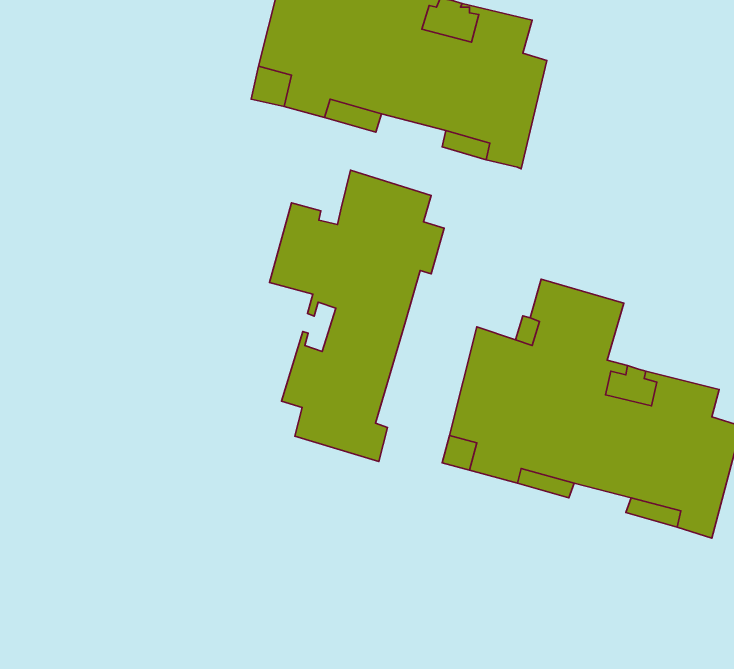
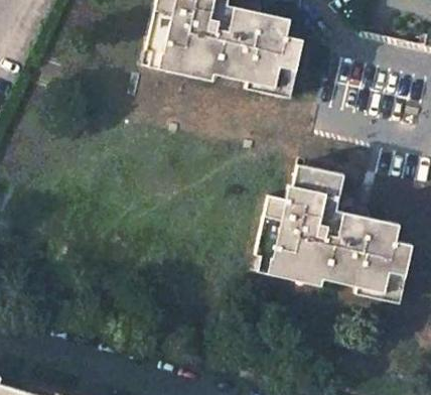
building: [270,170,444,462] -> none

